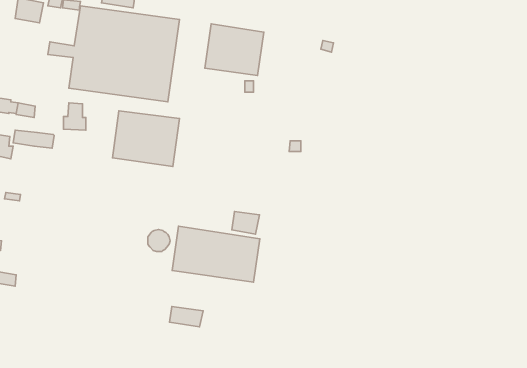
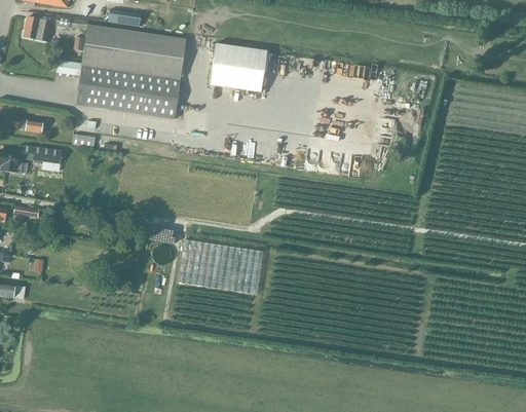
building: [113,111,179,166] -> none
building: [232,211,259,234] -> none
building: [170,306,203,327] -> none

